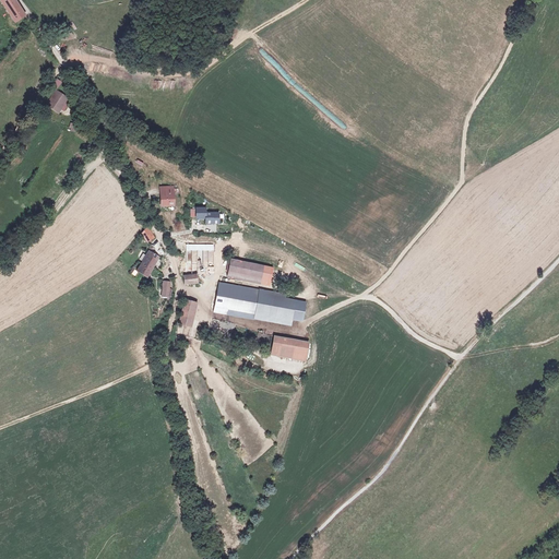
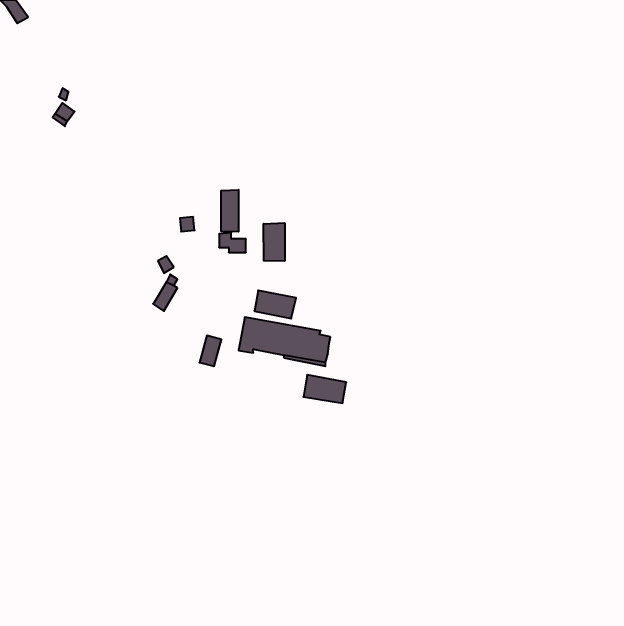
building: none -> [221,190,239,232]
building: none -> [264,223,285,261]

